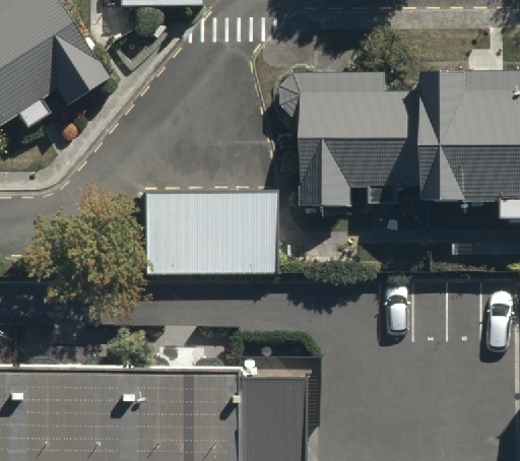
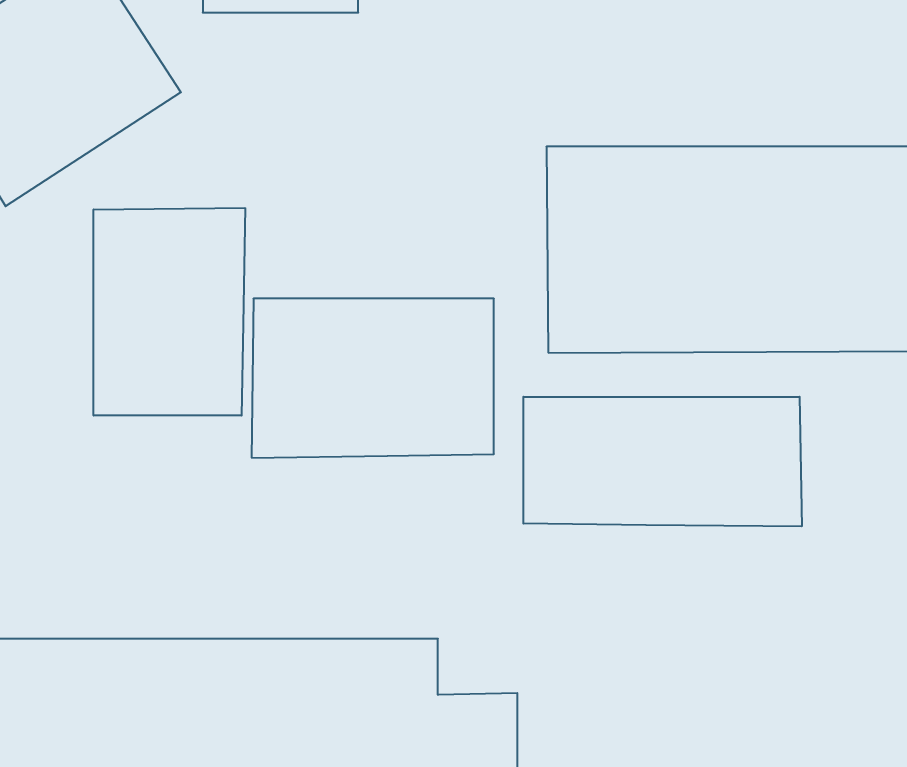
building: none -> [94,208,245,416]
building: none -> [523,397,802,526]

